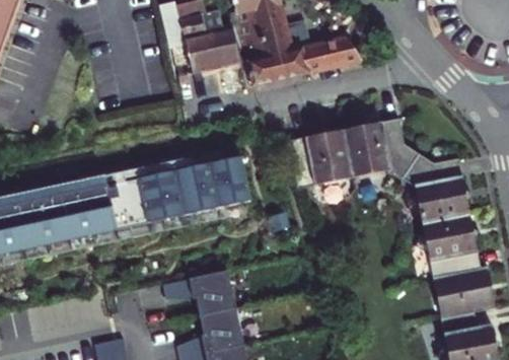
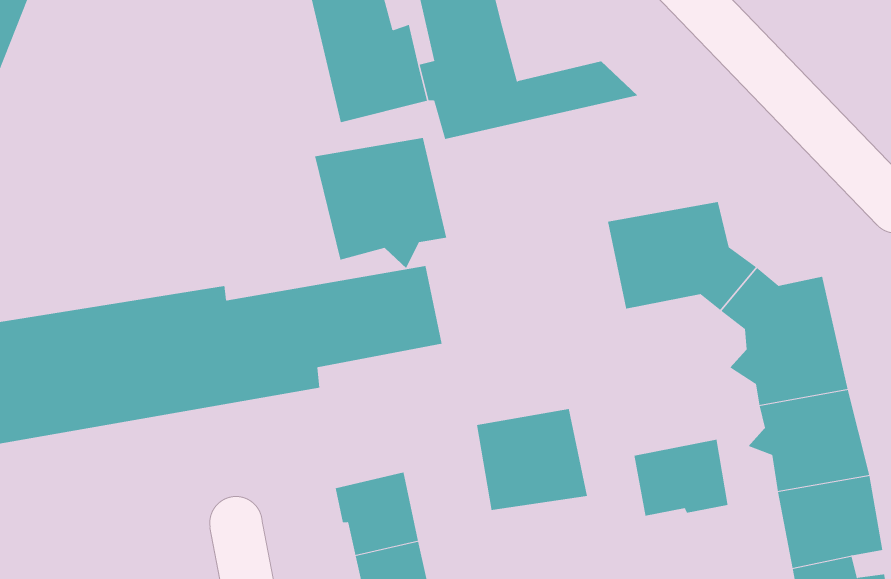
building: none -> [314,137,447,269]
building: [288,130,350,187] -> [476,408,588,511]
building: none -> [634,439,728,516]

